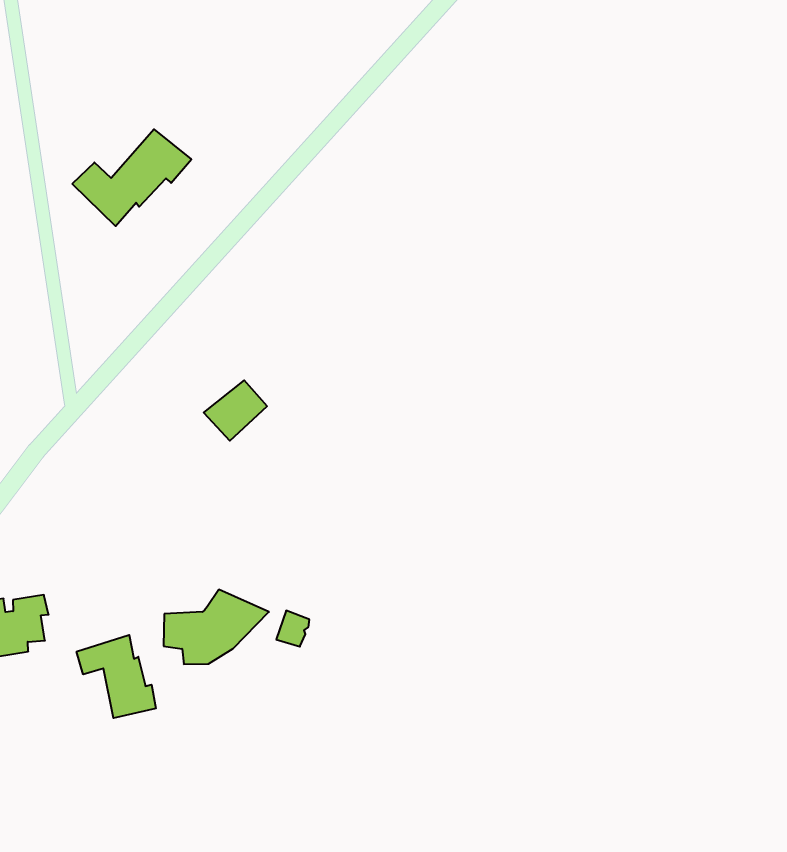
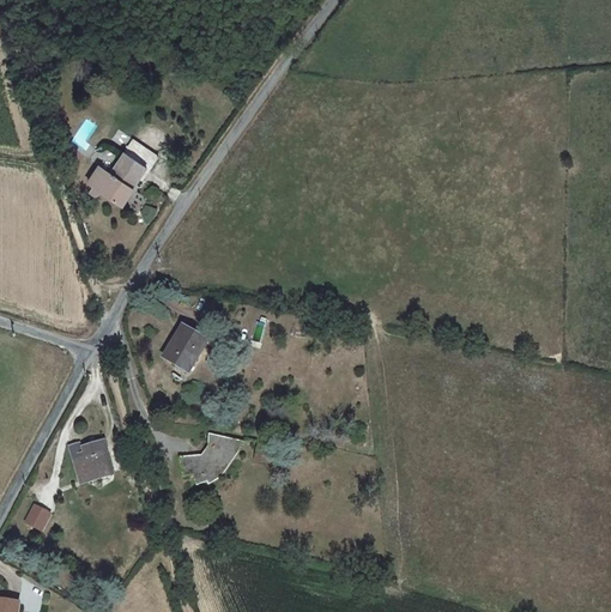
building: [204,380,267,441] -> [164,326,204,365]
building: [77,635,156,718] -> none

